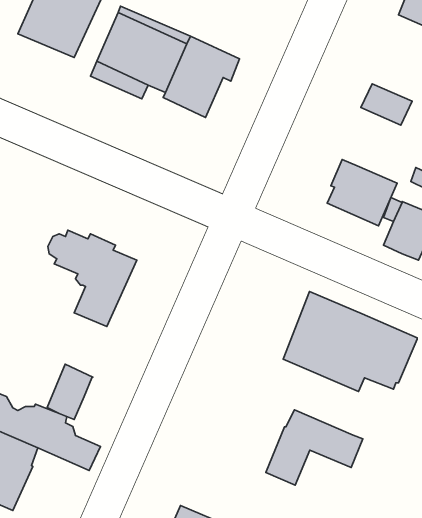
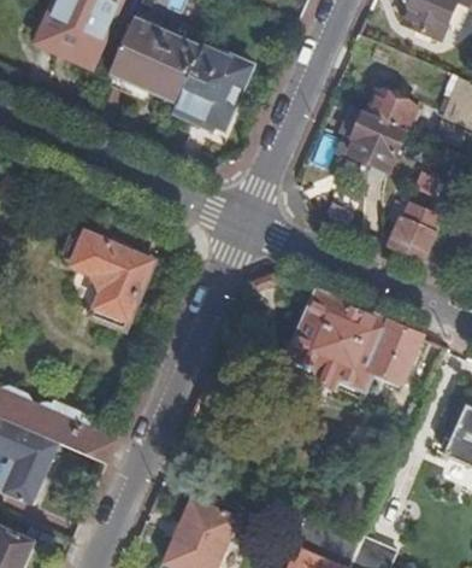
building: [327,159,397,226] -> [337,109,405,172]
building: [47,364,93,419] -> none
building: [266,410,363,485] -> none

